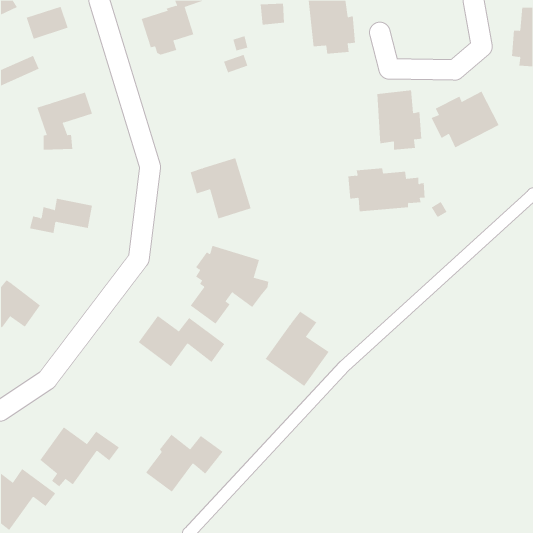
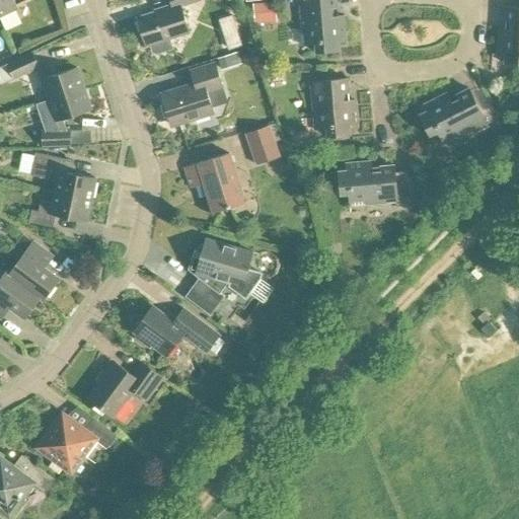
building: [26,6,69,39] -> [42,68,83,100]
building: none -> [161,64,222,125]
building: [376,90,422,150] -> [312,78,357,137]
building: none -> [244,122,283,166]
building: none -> [30,152,95,200]
building: none -> [8,234,59,300]
building: [265,311,329,387] -> none
building: [145,434,223,492] -> [87,361,163,418]

